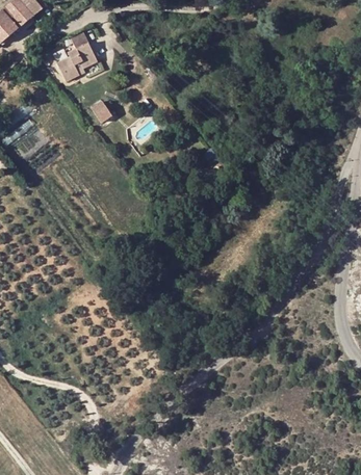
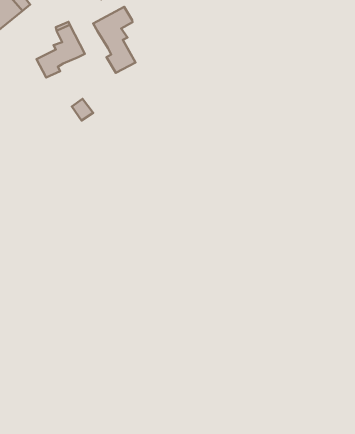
building: none -> [93,7,135,73]

